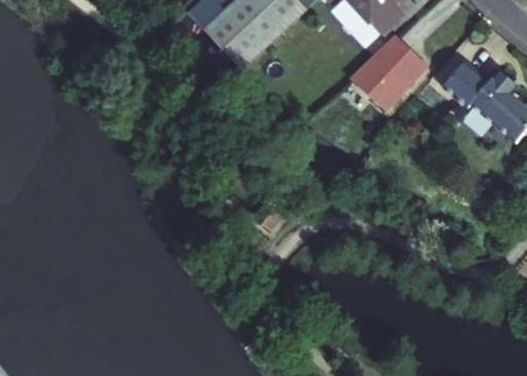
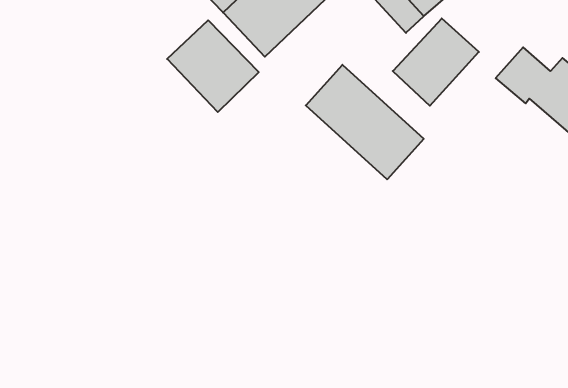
building: none -> [167,20,259,112]
building: none -> [306,65,424,179]

